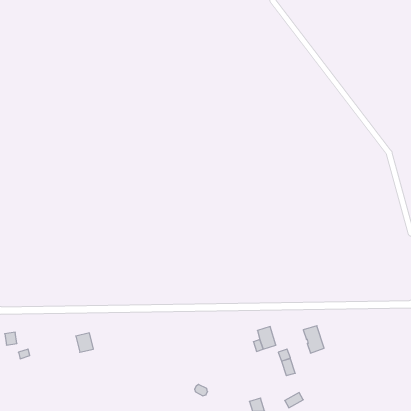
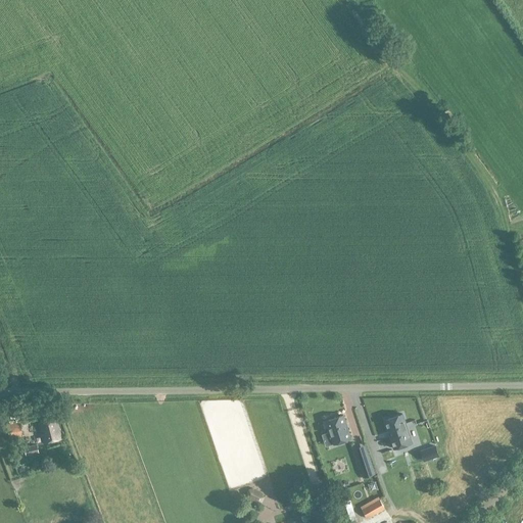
building: [76,333,93,352] -> [38,418,60,442]

